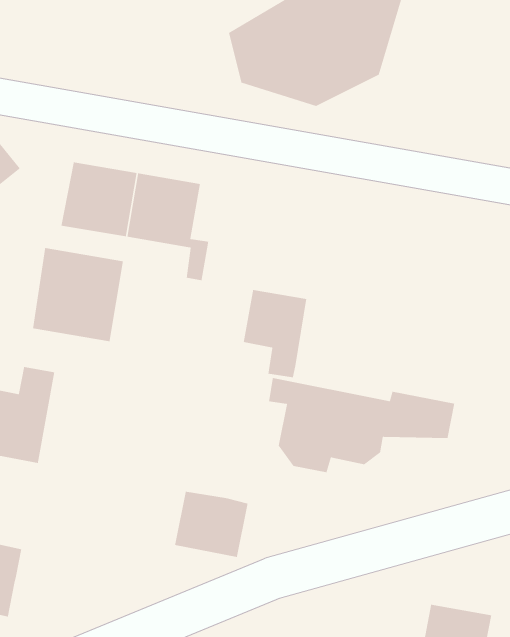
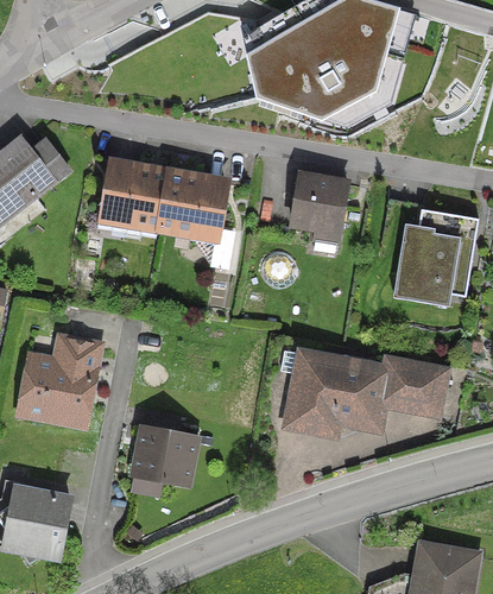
building: none -> [400,214,469,309]
building: [32,247,124,342] -> none
building: [243,289,307,378] -> [291,175,347,252]
building: [174,491,248,558] -> [132,425,196,484]

